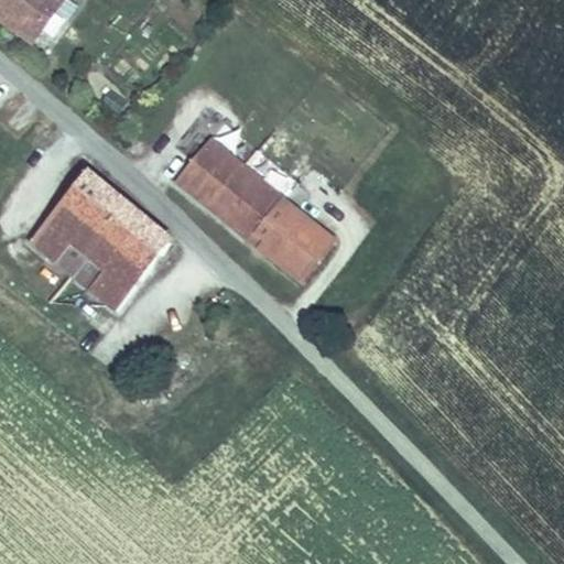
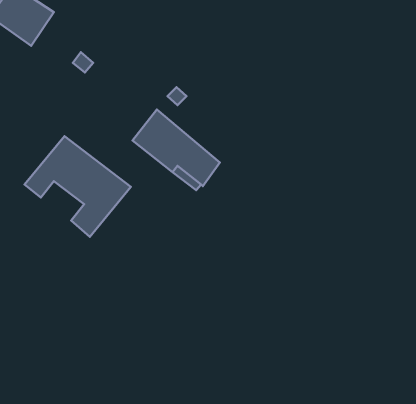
building: [273,219,332,279] -> none
building: [55,245,113,297] -> none

